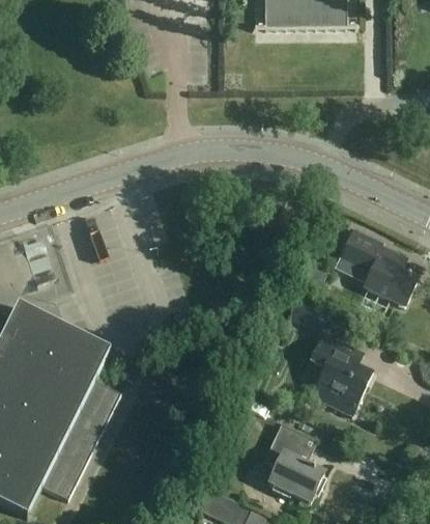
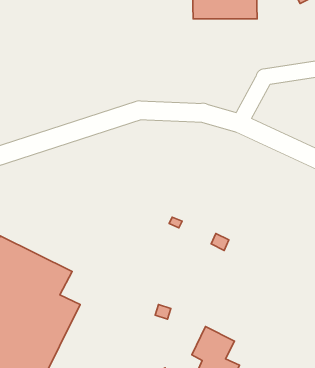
building: [338,227,418,304] -> none
building: [310,331,374,414] -> none

